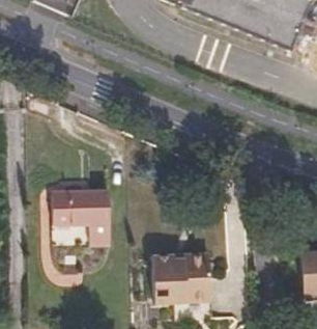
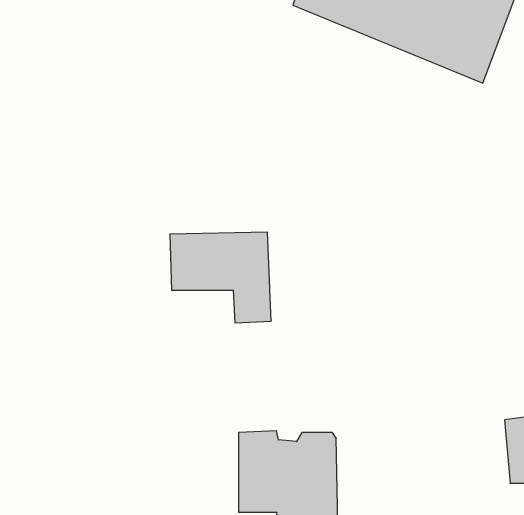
building: [49,185,107,237] -> [170,232,271,323]

